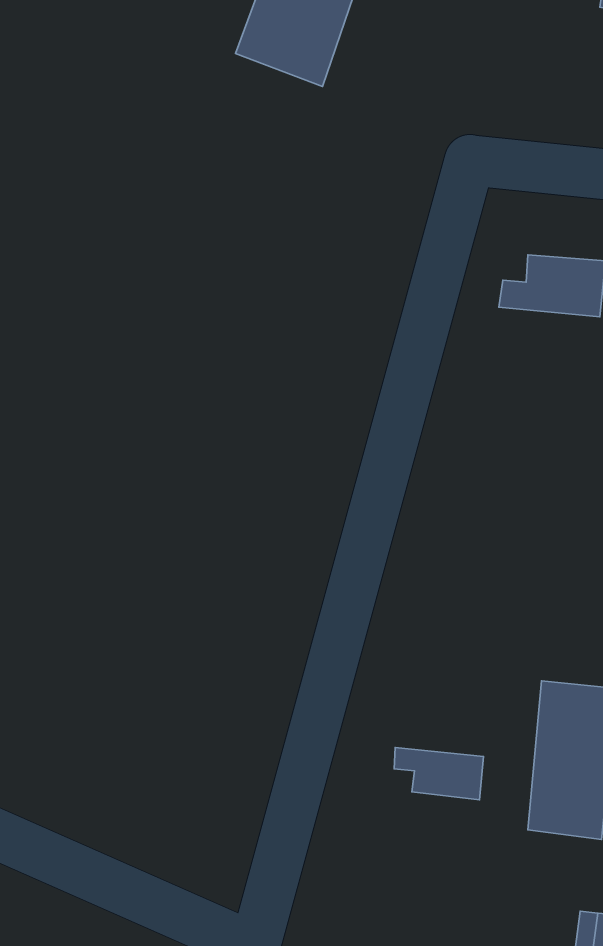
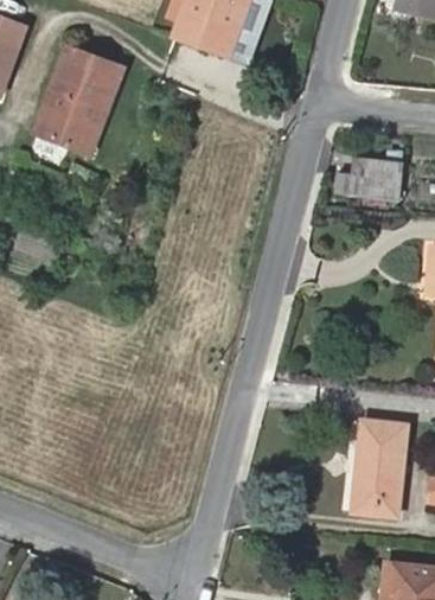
building: none -> [36,49,121,153]
building: [394,748,483,800] -> none

